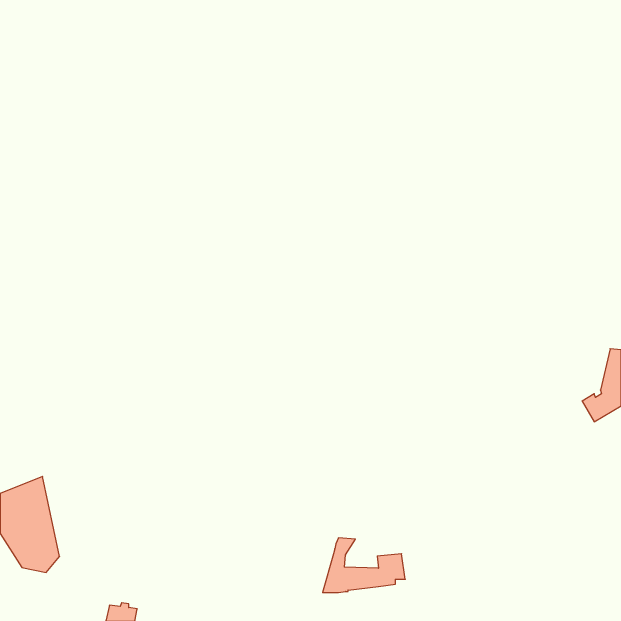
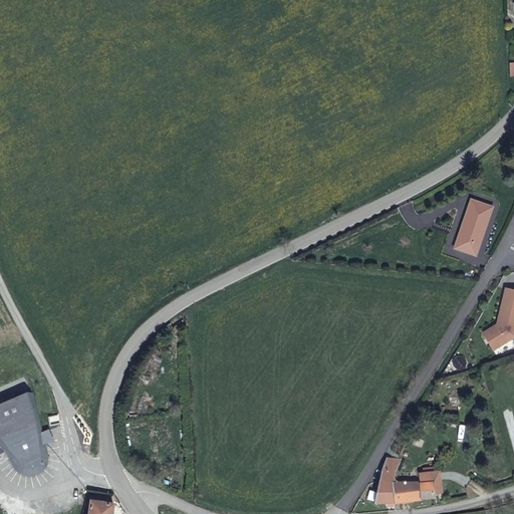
building: none -> [455,200,491,255]
building: [323,538,405,593] -> [373,458,442,503]

